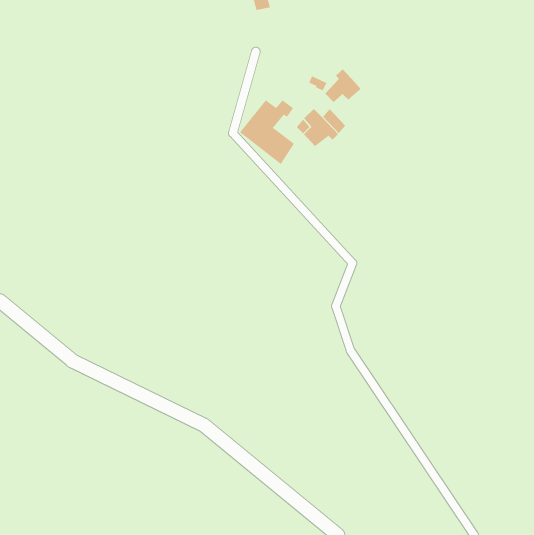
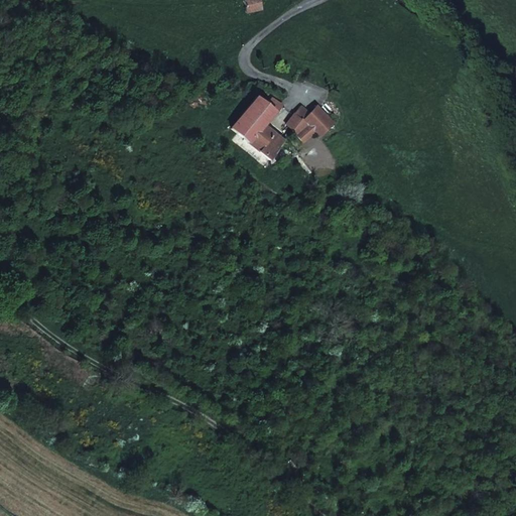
building: [324,69,361,103] -> none

